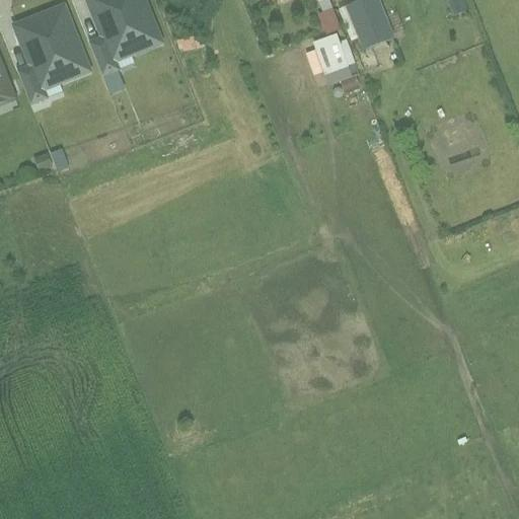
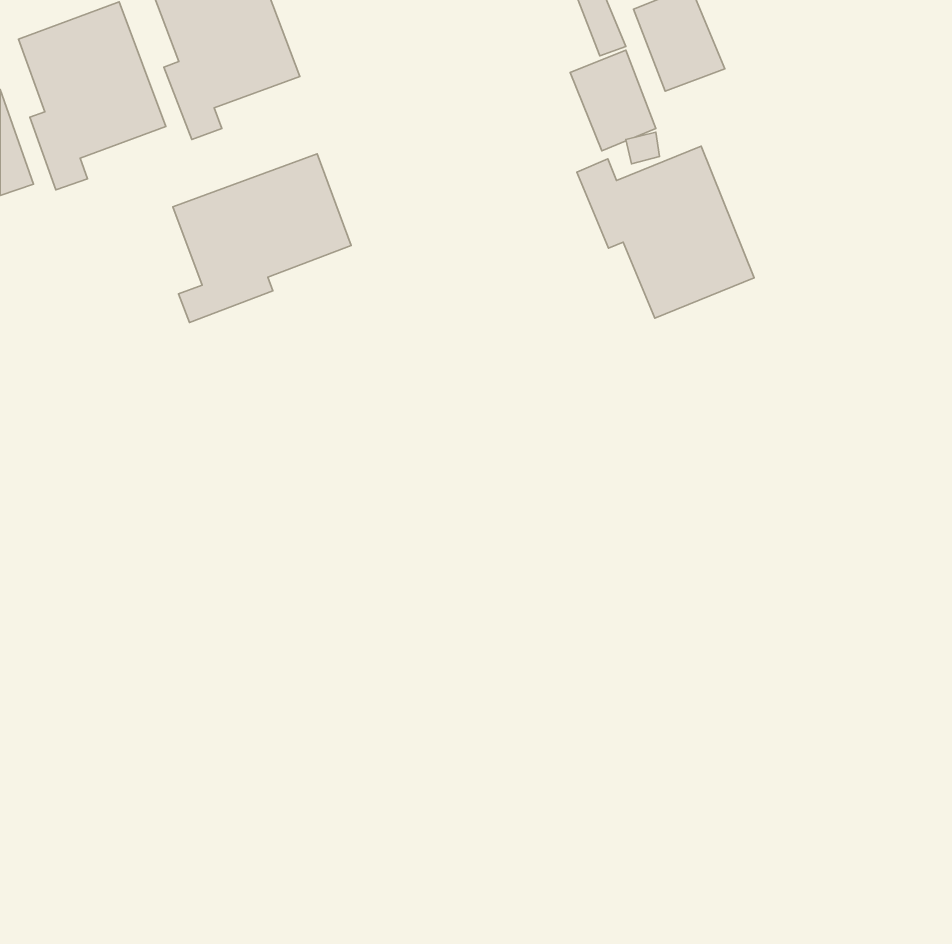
building: none -> [577,146,754,318]
building: none -> [173,154,351,322]

